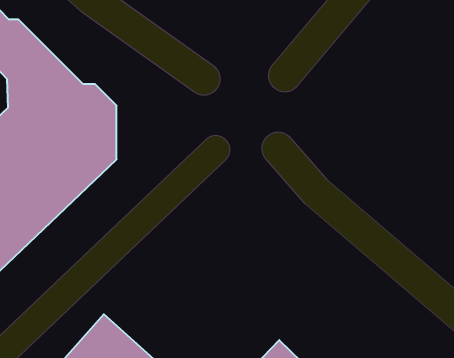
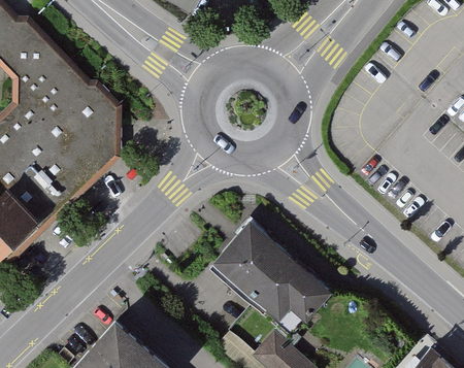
building: none -> [210,219,331,324]

